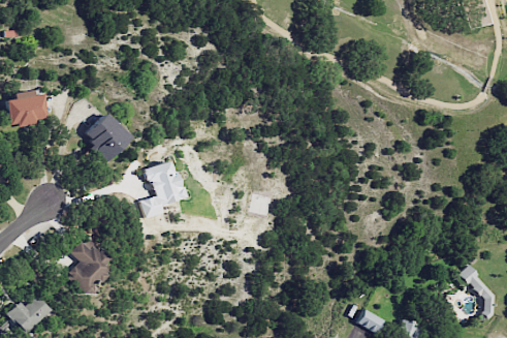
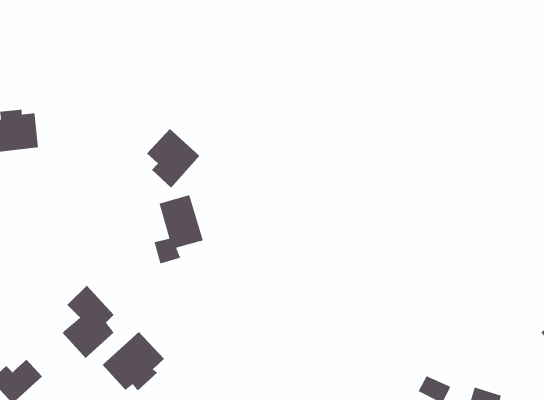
building: [86,113,130,162] -> [146,128,200,189]
building: none -> [102,331,165,392]

